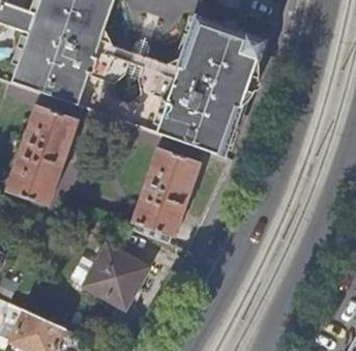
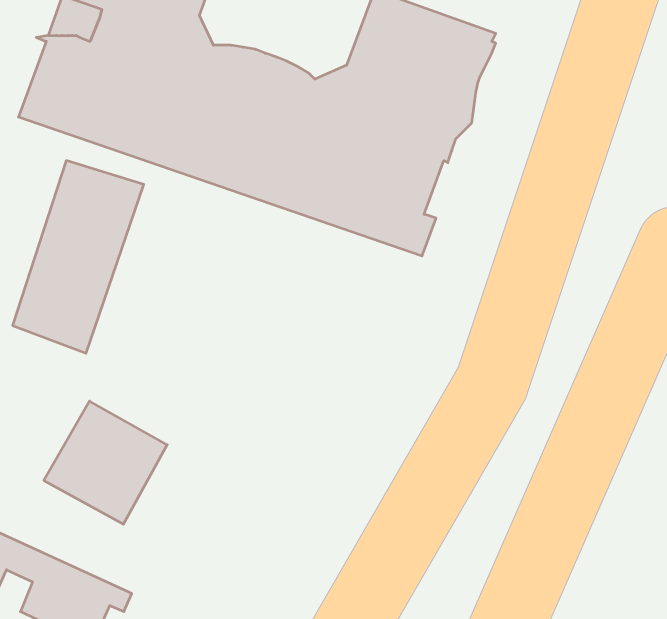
building: [132,148,198,236] -> none
building: [85,243,149,308] -> [44,401,167,524]

